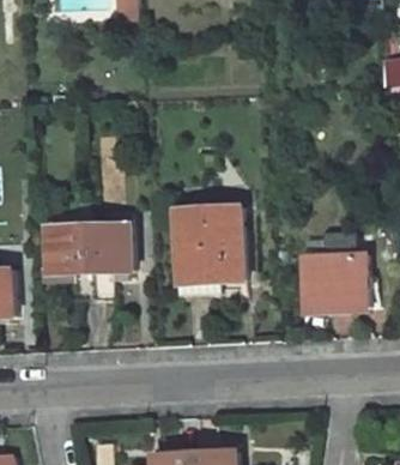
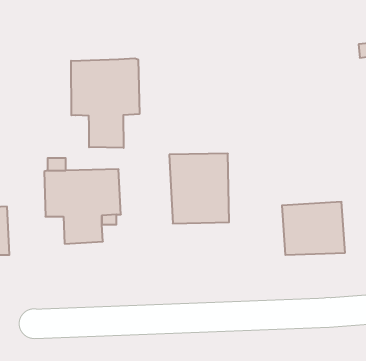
building: none -> [71,58,139,148]

